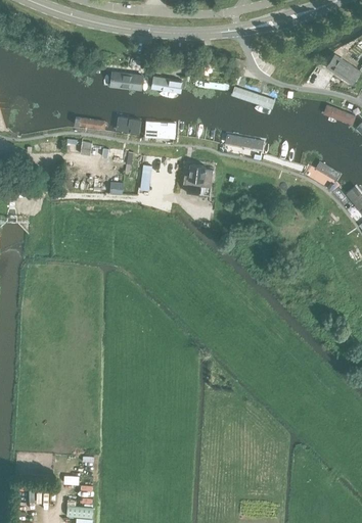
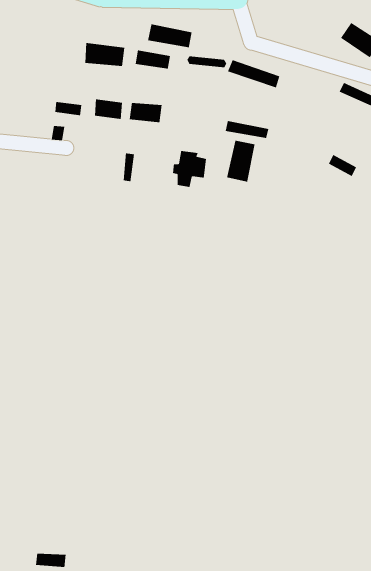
building: none -> [147,24,192,48]
building: none -> [227,140,255,182]

